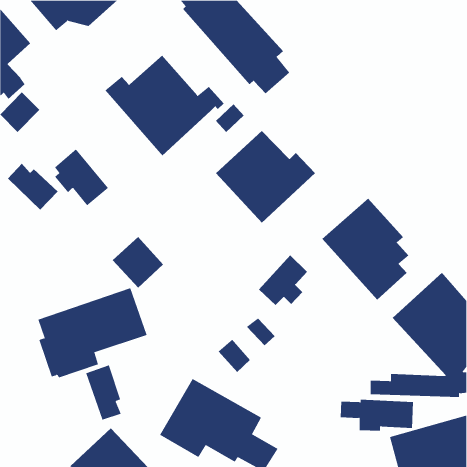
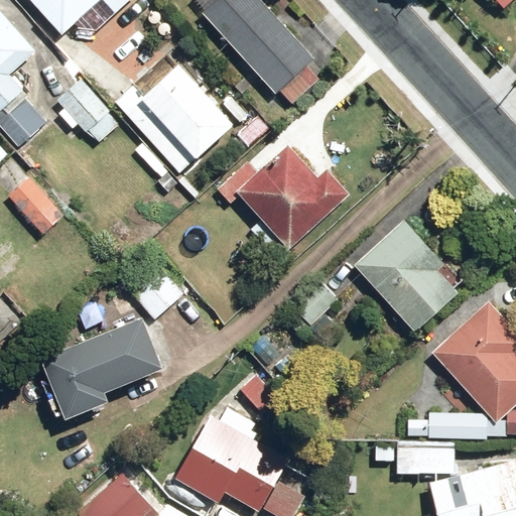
building: [54,148,109,206] -> [58,81,119,144]
building: [85,365,121,421] -> none

